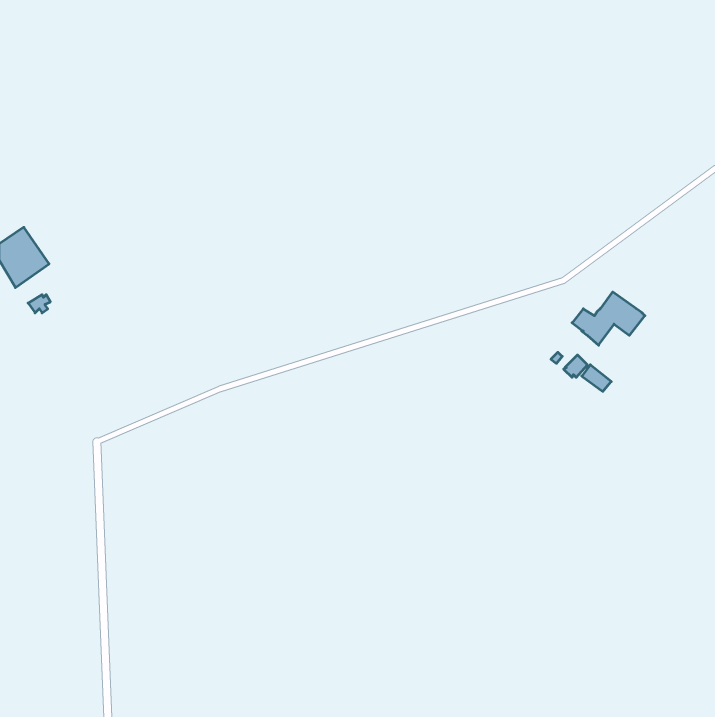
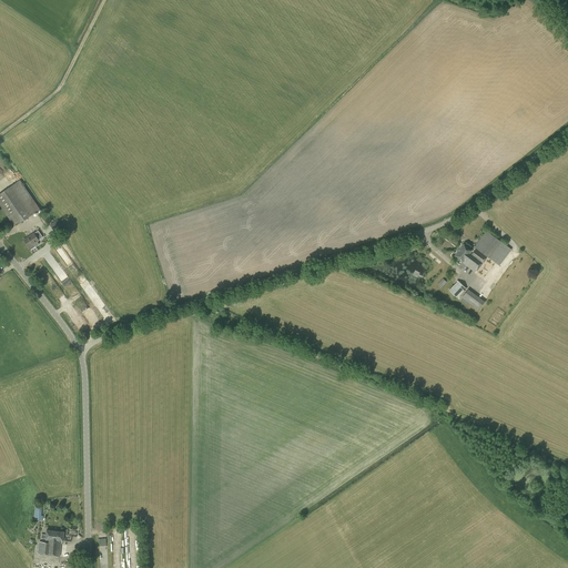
building: none -> [37,530,63,557]

